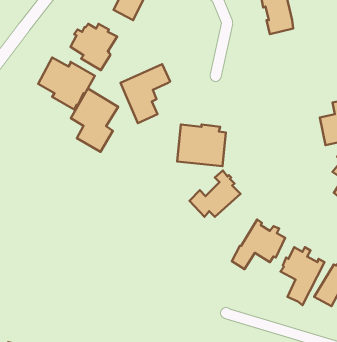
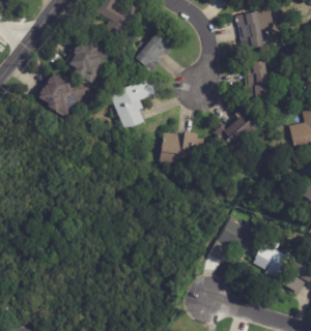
building: none -> [135,32,173,73]
building: none -> [244,61,270,98]
building: [71,89,118,152] -> none
building: [189,171,240,217] -> [210,109,256,150]

